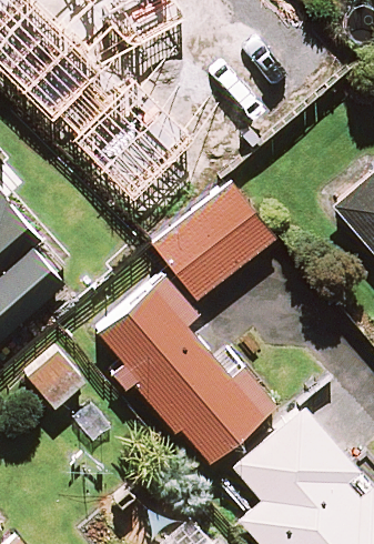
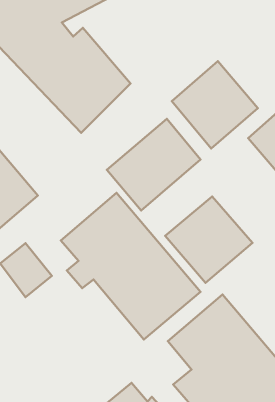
building: none -> [172,61,258,148]
building: none -> [165,196,253,283]

